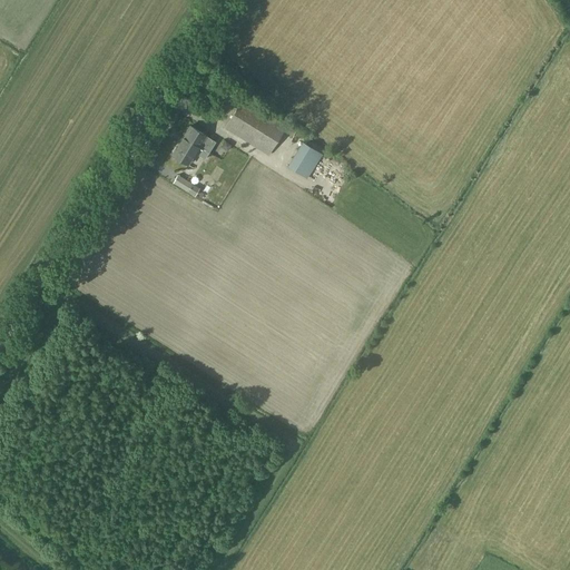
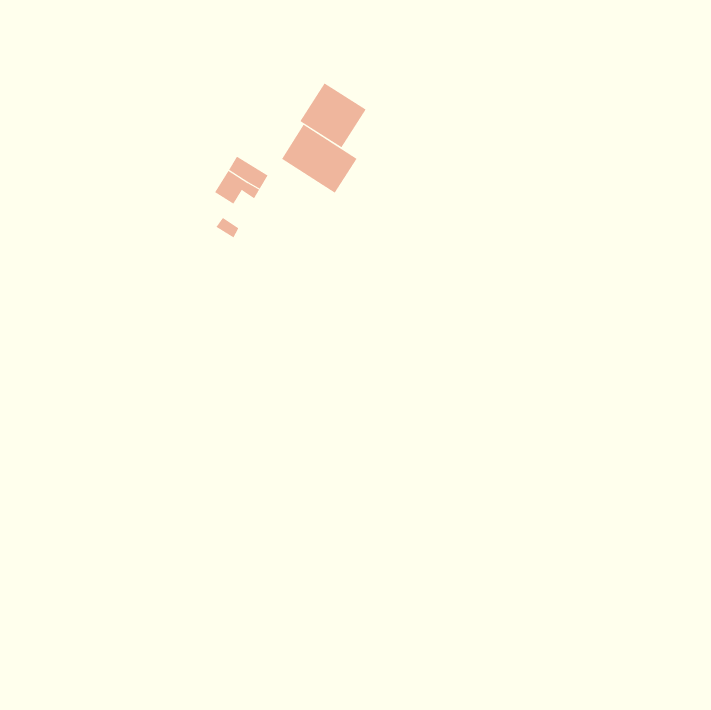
building: none -> [300,82,366,148]
building: [285,142,321,179] -> none

